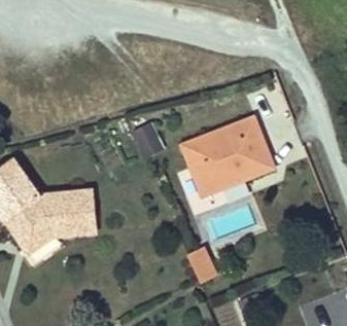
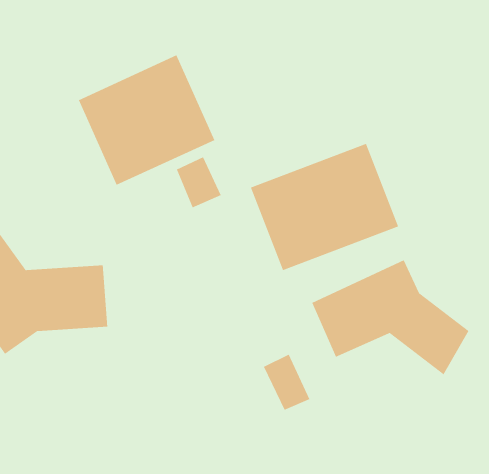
building: none -> [78,54,215,186]
building: none -> [311,259,470,375]

